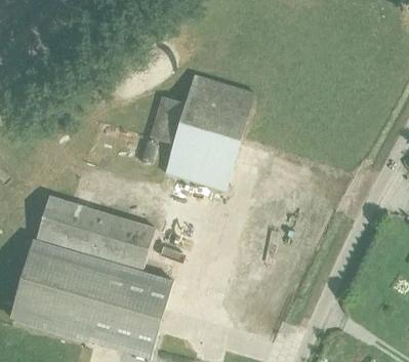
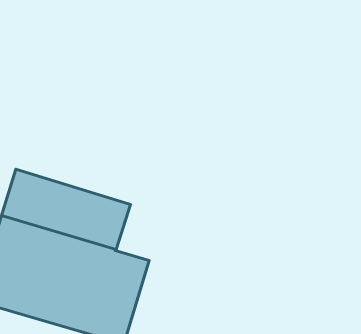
building: [149,74,252,190] -> none

